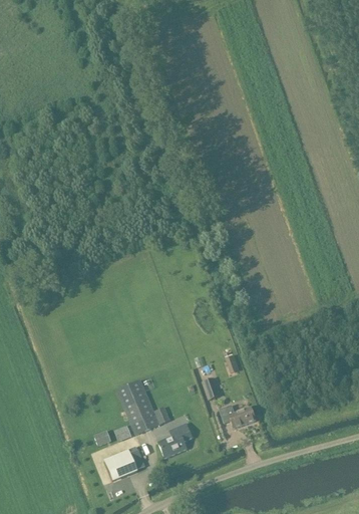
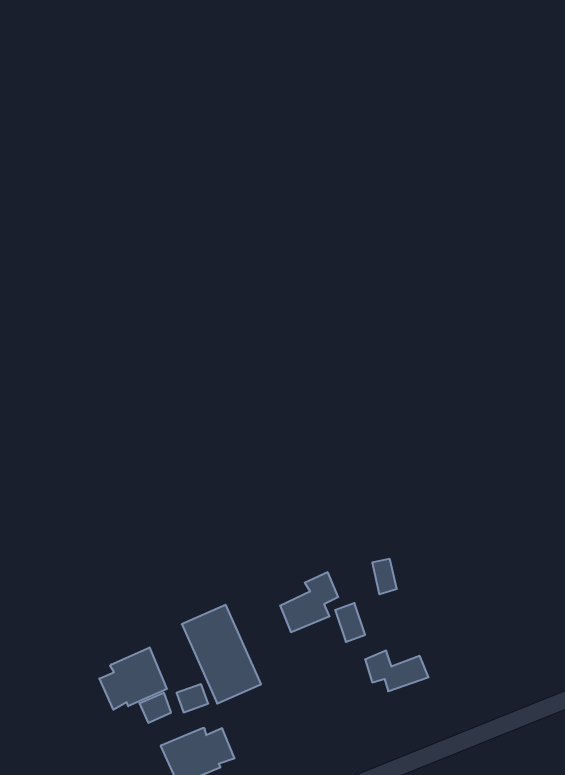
building: none -> [99,647,167,710]
building: [159,423,193,457] -> [280,572,338,632]

